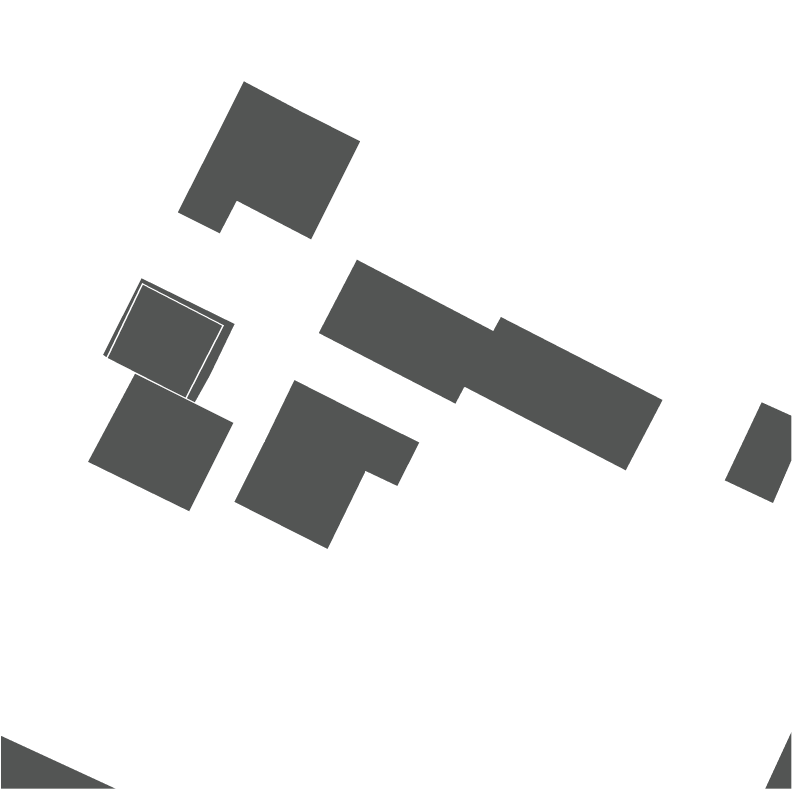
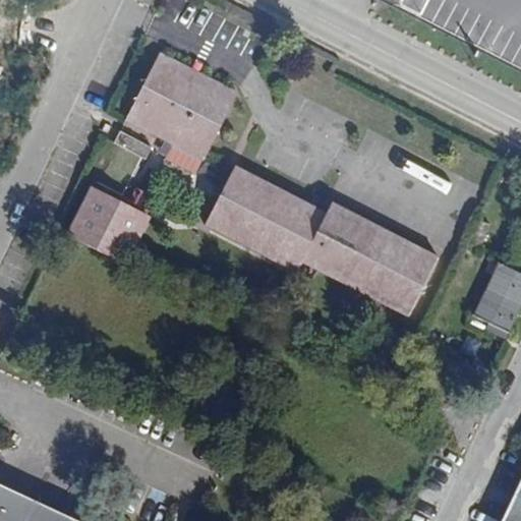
building: none -> [144,132,205,178]
building: [87,373,234,512] -> none
building: [234,379,420,550] -> none

